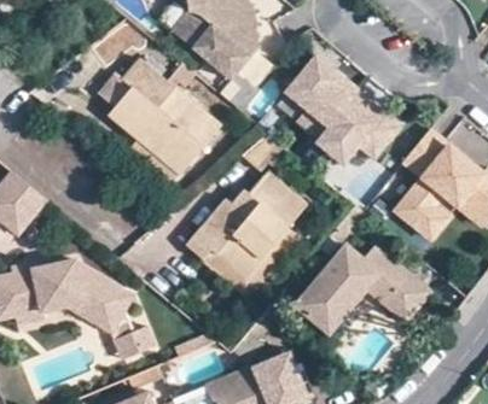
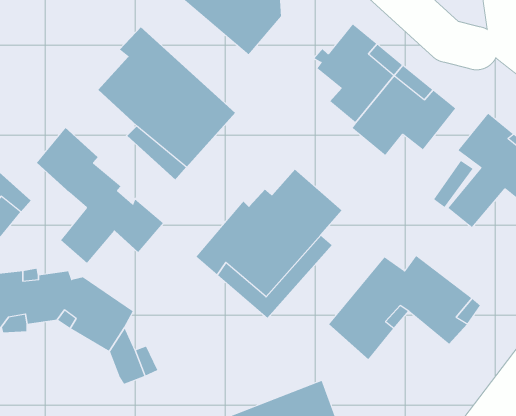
building: none -> [36,127,164,264]

